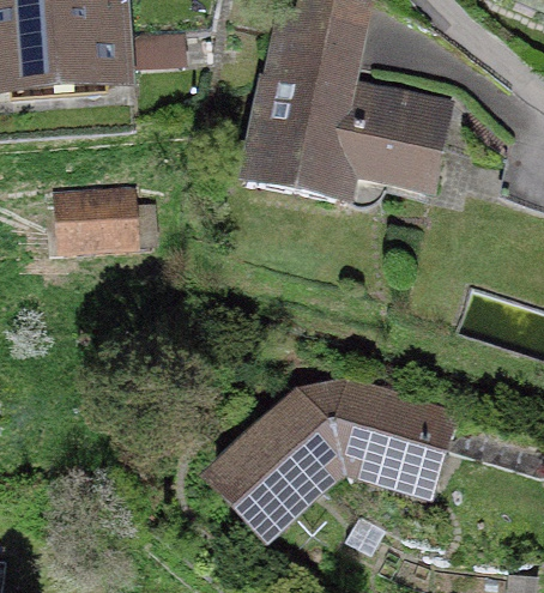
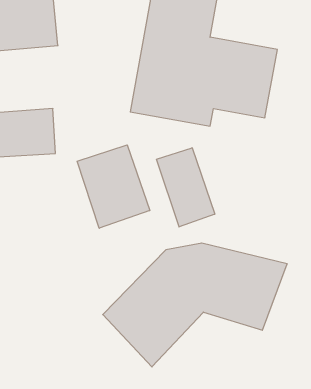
building: none -> [77,145,150,228]
building: none -> [157,148,215,227]

